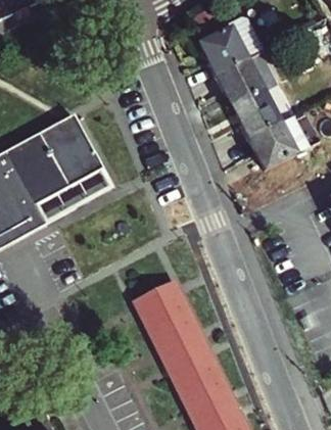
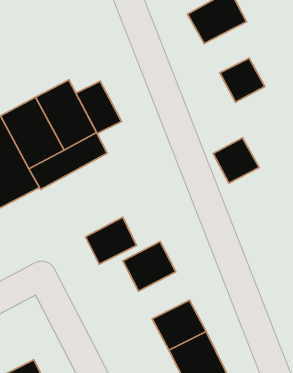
building: [218,59,265,105] -> none
building: none -> [76,81,122,133]
building: [250,120,298,166] -> [213,138,259,183]
building: [149,313,202,362] -> [86,217,137,264]

